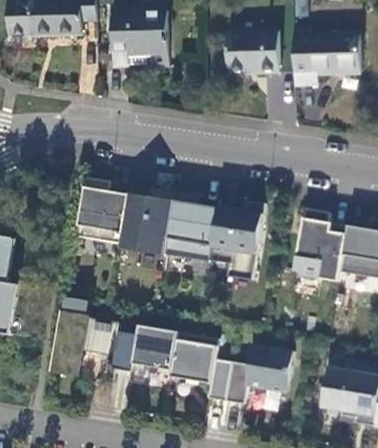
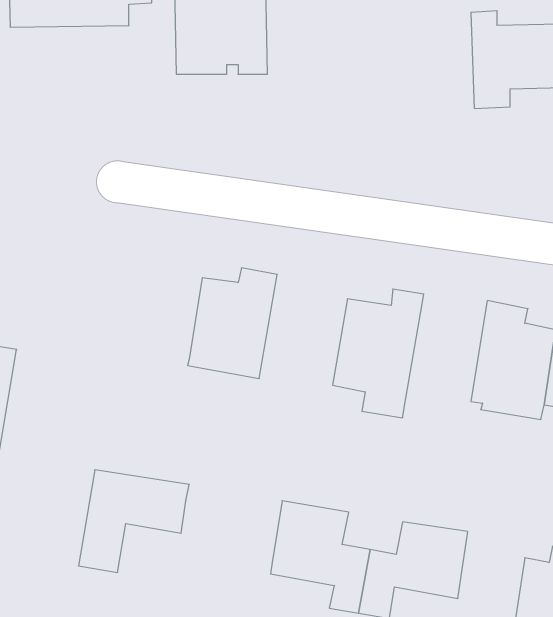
building: [226,33,278,76] -> none
building: [74,176,128,244] -> none
building: [163,190,217,262] -> none
building: [112,325,177,370] -> none

